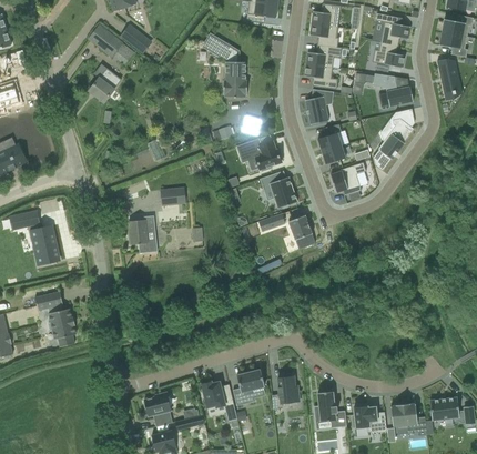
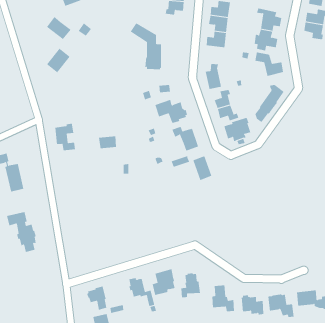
building: [437,59,461,100] -> none
building: [304,64,333,89] -> none
building: [129,215,158,253] -> [55,123,76,151]

